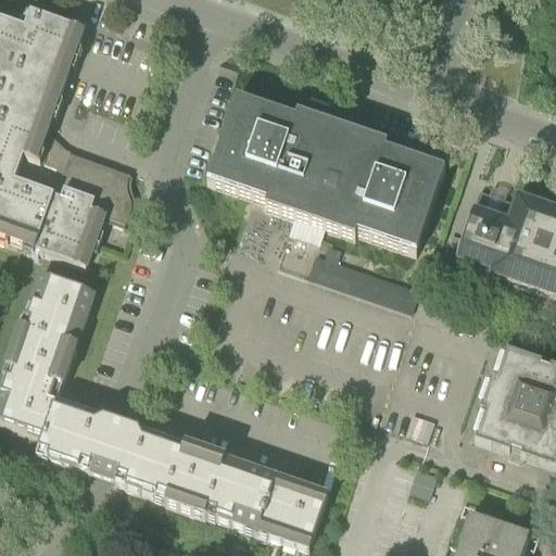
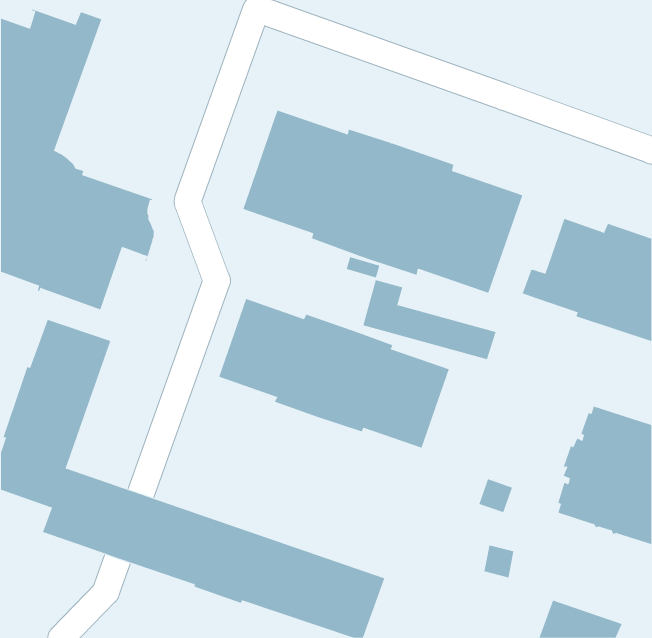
building: none -> [219,298,449,449]

